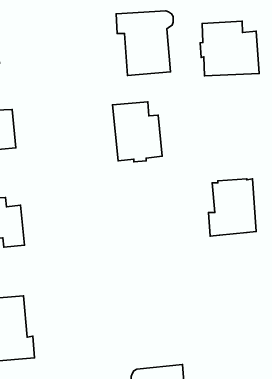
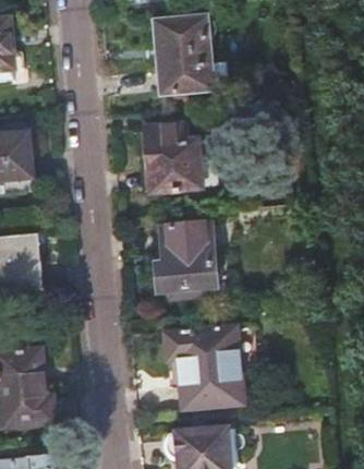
building: [200,21,259,76] -> none
building: [208,179,256,236] -> [158,224,214,290]
building: none -> [166,326,243,407]

